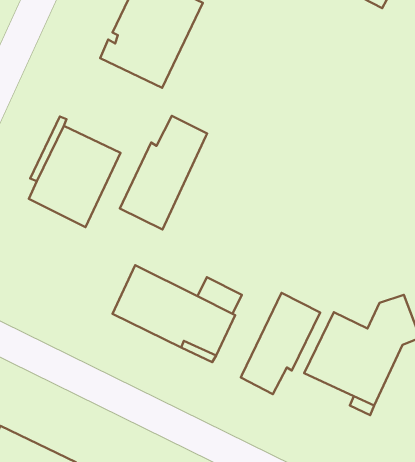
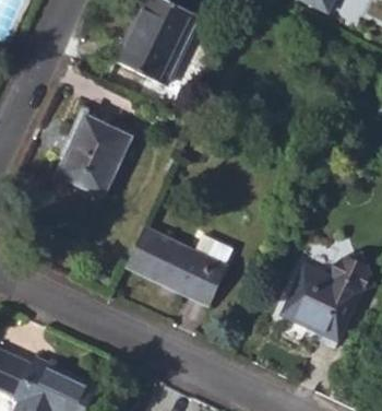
building: [120,116,207,229] -> none
building: [241,293,320,394] -> none

